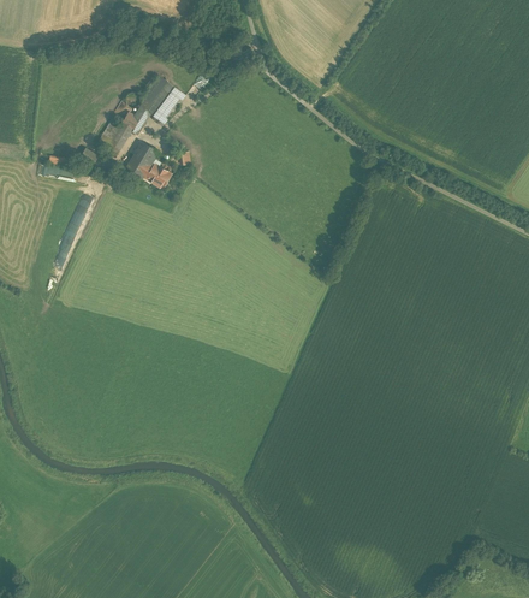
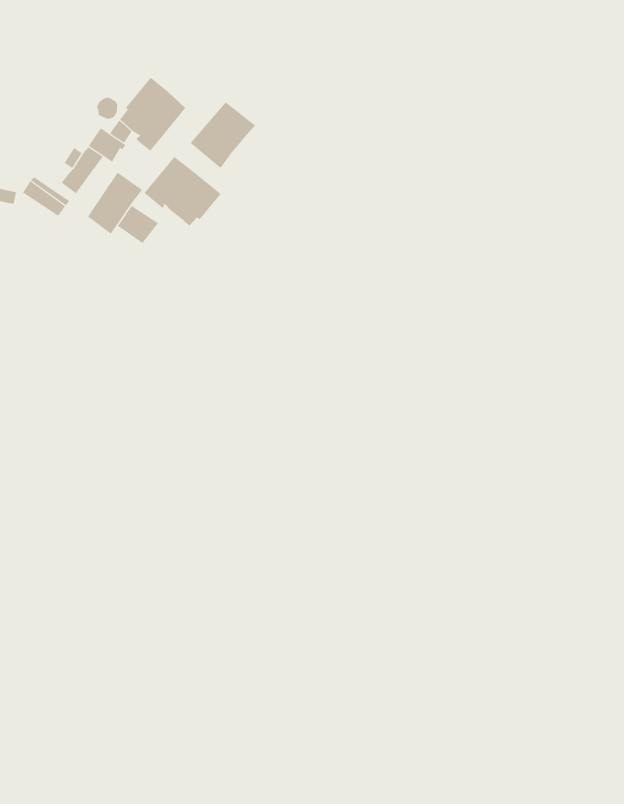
building: none -> [190,101,256,169]
building: none -> [144,156,221,226]

